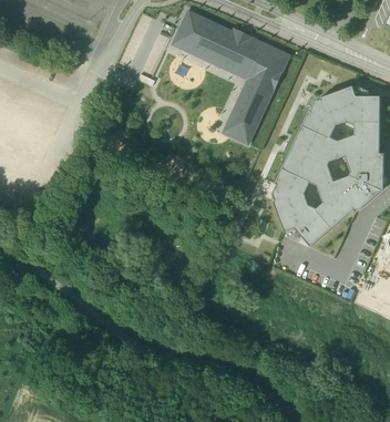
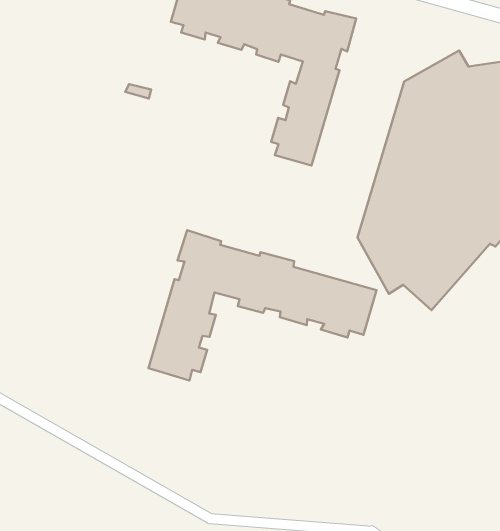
building: none -> [149,230,376,380]

